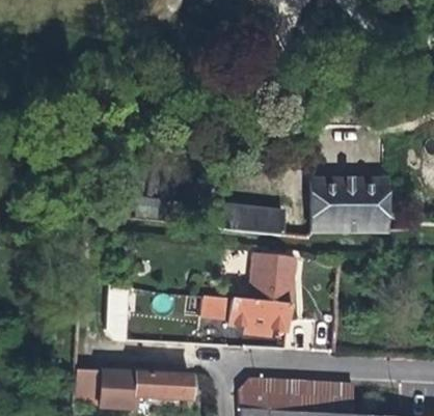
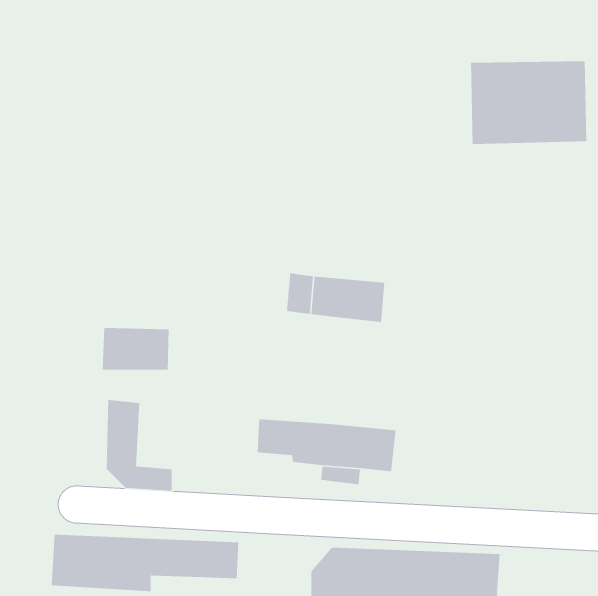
building: [313,178,387,232] -> [470,61,587,145]
building: none -> [102,327,170,371]
building: [252,251,298,304] -> none

